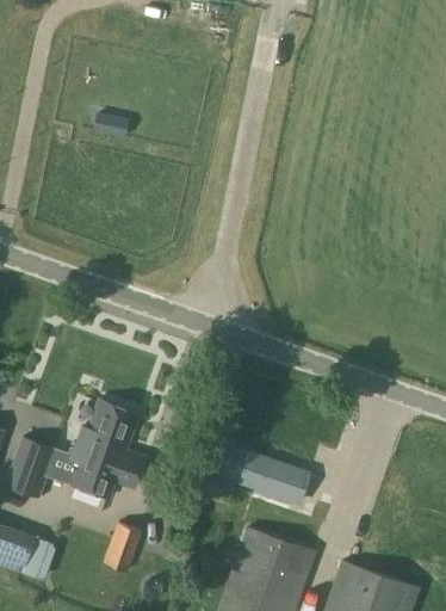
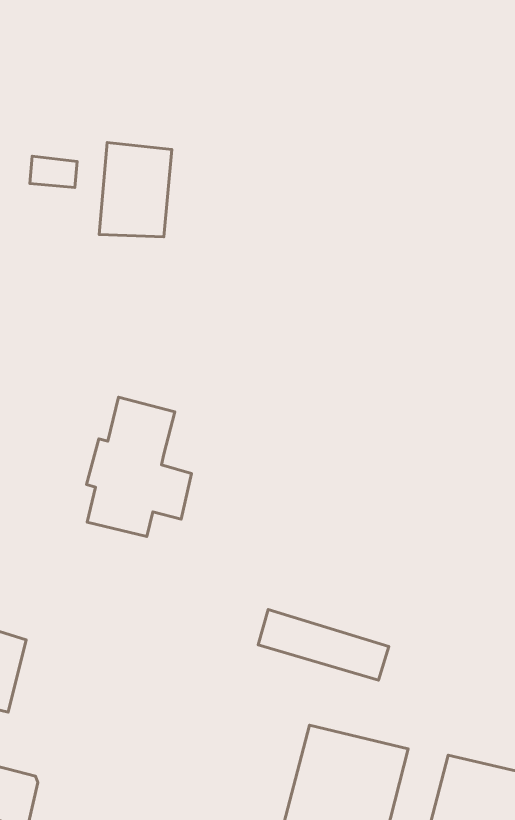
building: none -> [99,143,172,237]
building: [69,399,145,498] -> [87,397,192,537]
building: [105,523,143,572] -> none

